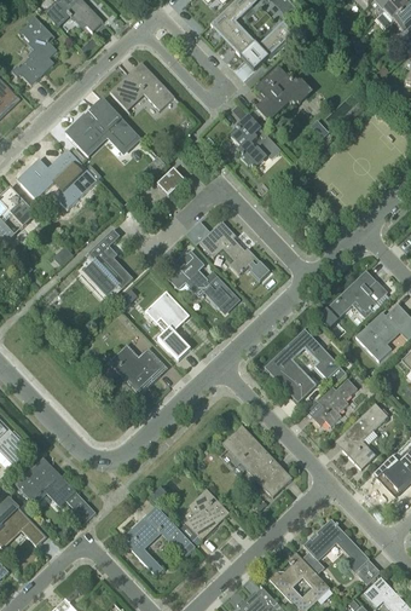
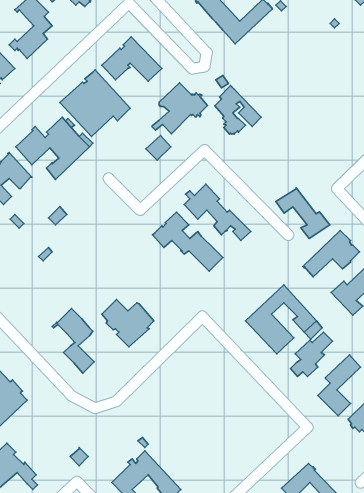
building: [248,68,307,122] -> [152,83,208,134]
building: none -> [276,188,330,239]
building: [86,230,133,294] -> none
building: [145,292,190,361] -> [52,309,94,373]
building: [221,425,293,497] -> none
building: [16,457,75,506] -> none
building: [186,490,227,538] -> none

